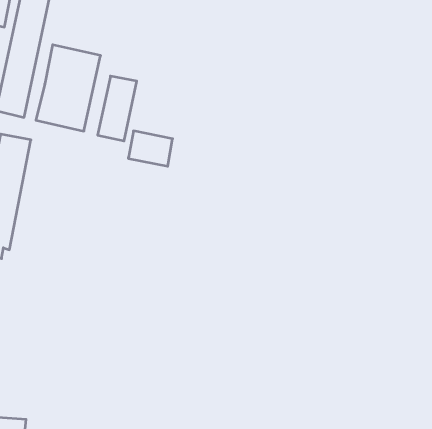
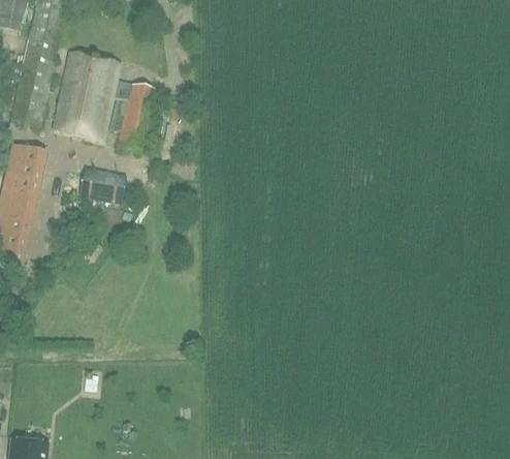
building: [128,131,173,166] -> [78,165,125,203]

